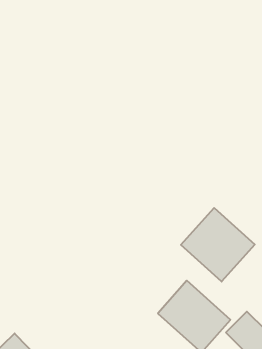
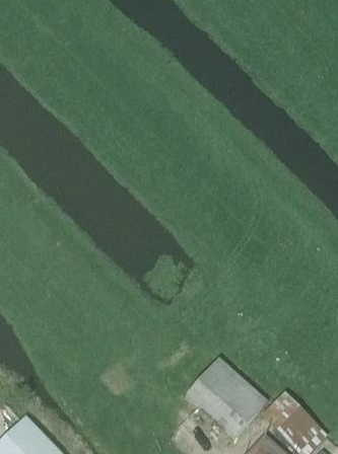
building: [181,208,255,282] -> none

